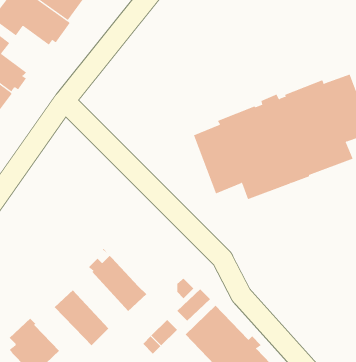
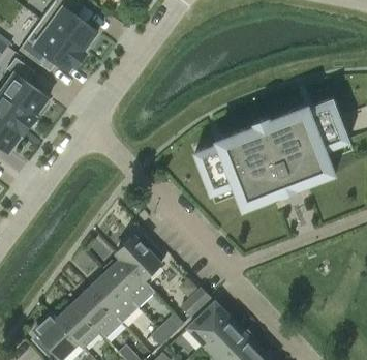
building: none -> [116,236,164,286]
building: none -> [89,273,137,323]
building: none -> [56,304,98,347]

